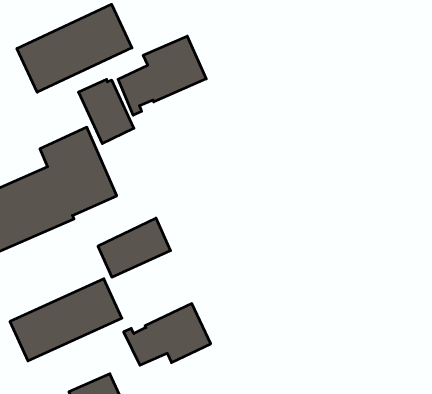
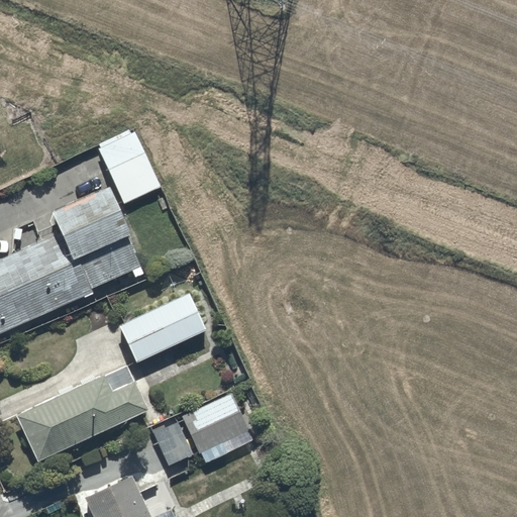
building: [17,4,132,92] -> none
building: [118,36,206,115] -> none

